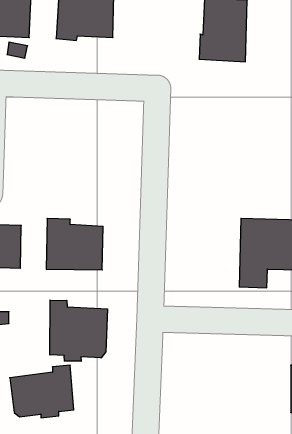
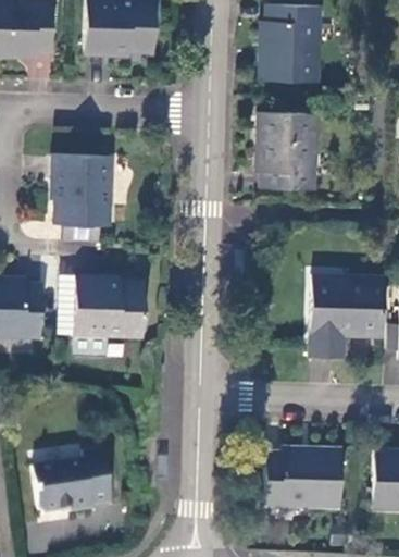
building: none -> [254,113,314,191]
building: none -> [51,154,112,242]
building: [50,300,107,361] -> none
building: none -> [264,449,340,509]

